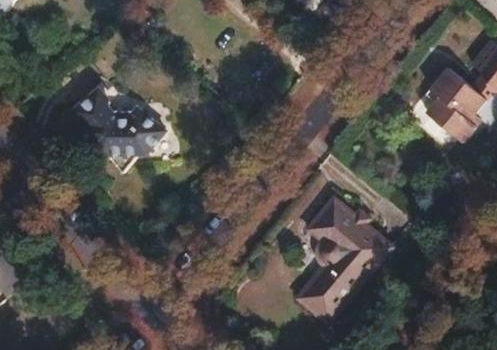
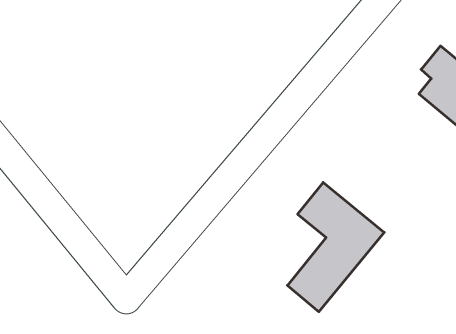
building: [70,90,165,170] -> none

